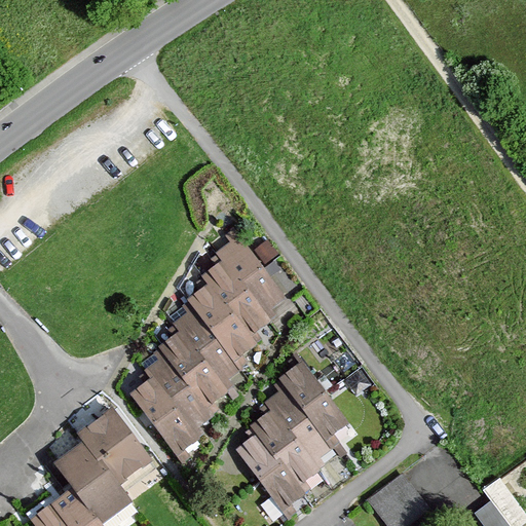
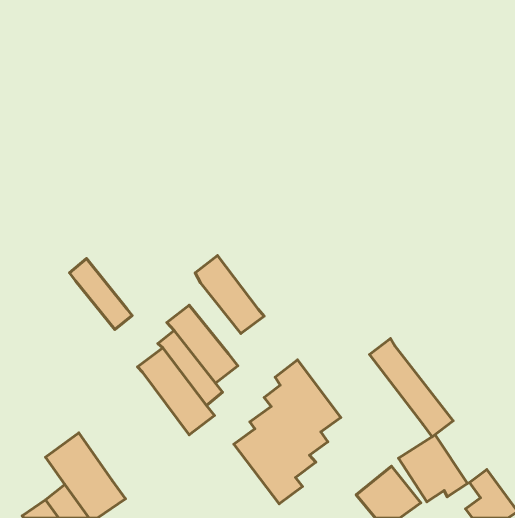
building: [214,232,284,313] -> none
building: [188,287,252,359] -> [69,259,132,330]
building: none -> [370,338,453,437]
building: [127,377,194,455] -> none
building: [75,406,151,487] -> none

